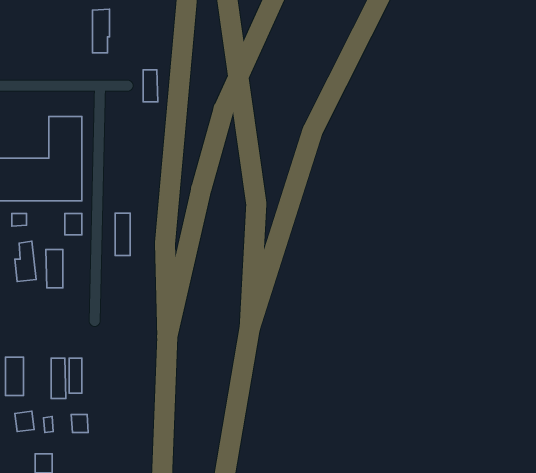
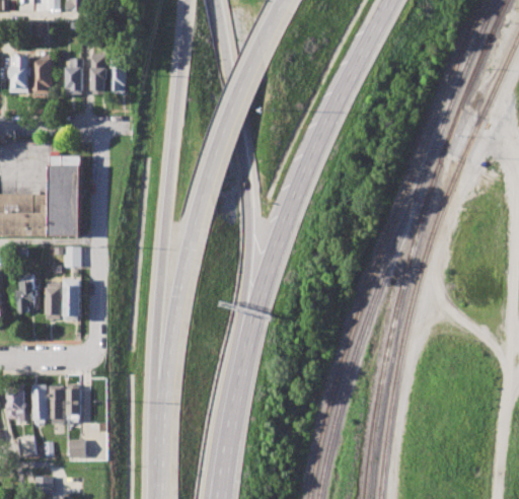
building: none -> [9,52,28,92]
building: none -> [32,54,49,93]
building: none -> [65,58,81,93]
building: [143,70,158,102] -> [110,63,125,93]
building: [115,213,130,256] -> [65,280,79,320]
building: none -> [31,384,49,423]

